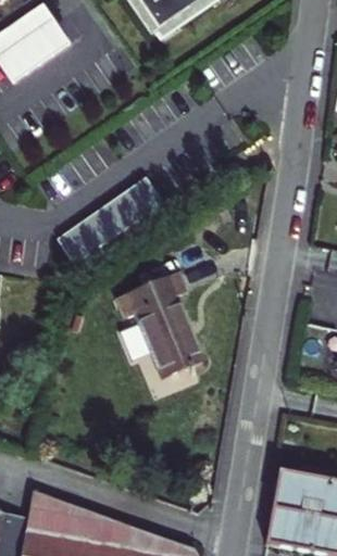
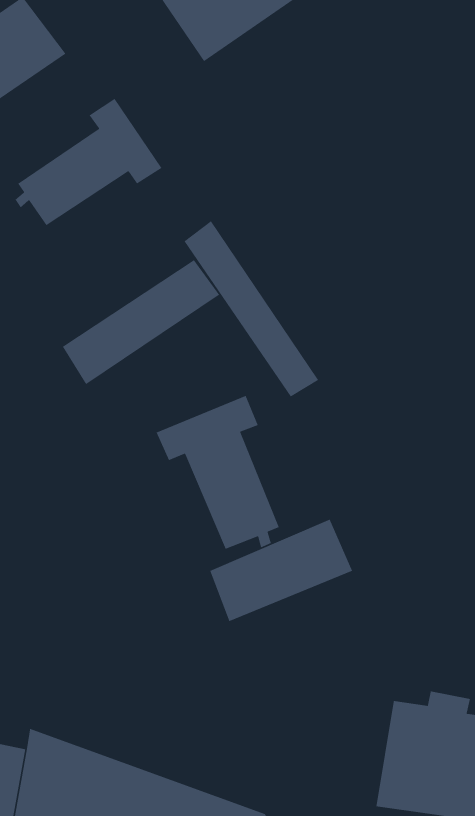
building: none -> [15,98,162,226]
building: none -> [183,220,319,397]
building: none -> [209,518,353,622]

